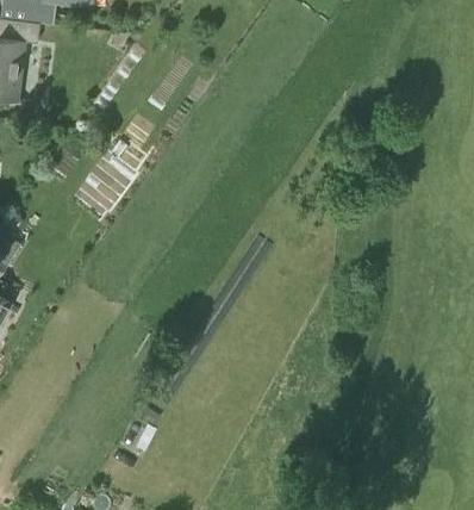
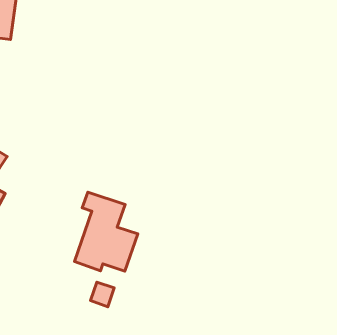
building: none -> [74,192,138,271]

